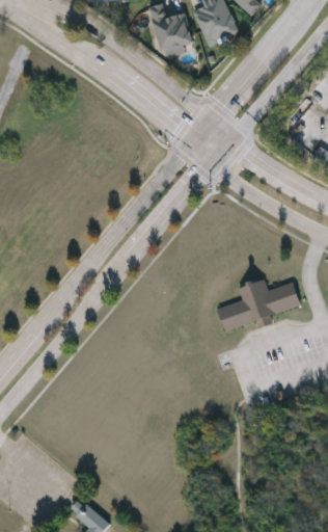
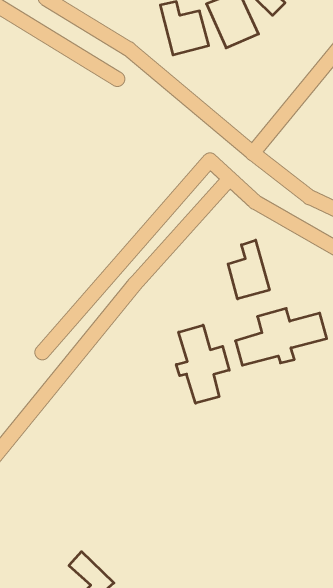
building: none -> [228,240,269,299]
building: none -> [176,325,229,403]

